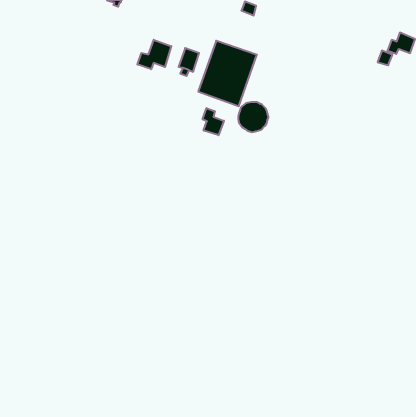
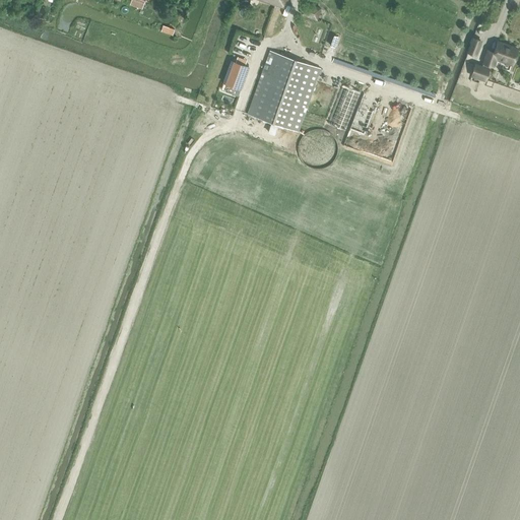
building: [137,40,171,69] -> none
building: [203,108,224,135] -> none

